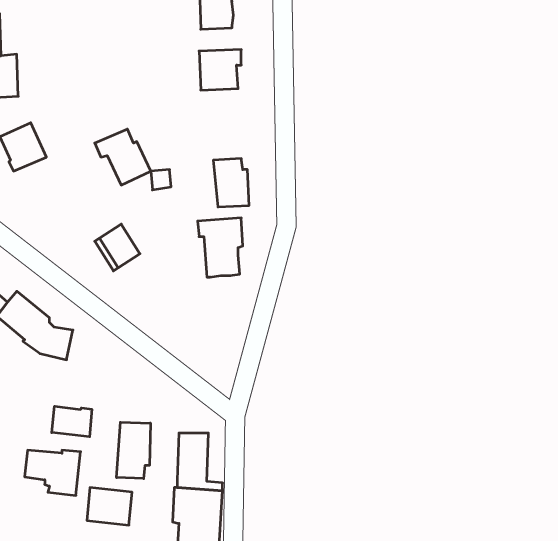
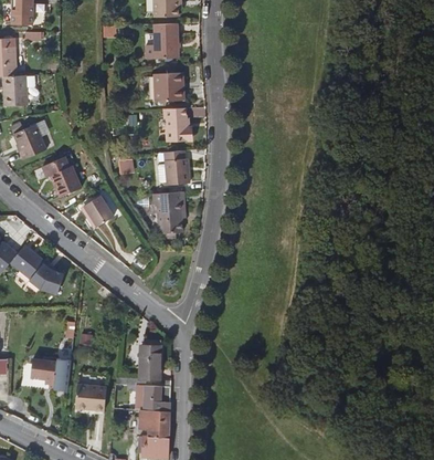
building: none -> [162,107,189,142]
building: [95,129,151,185] -> [40,157,80,197]
building: [52,406,92,437] -> none
building: [117,422,150,479] -> none

